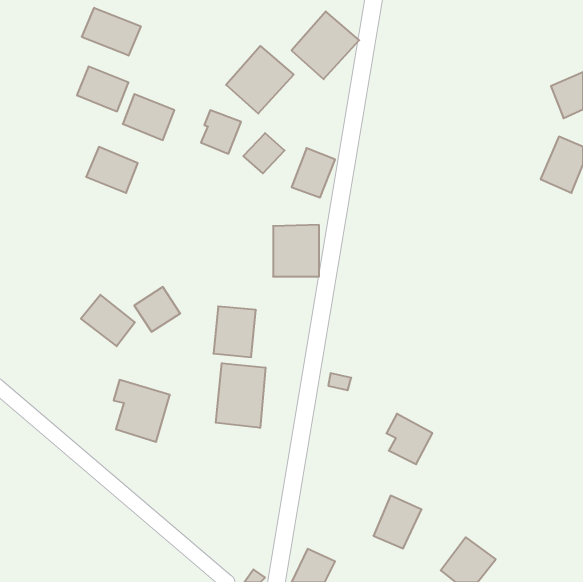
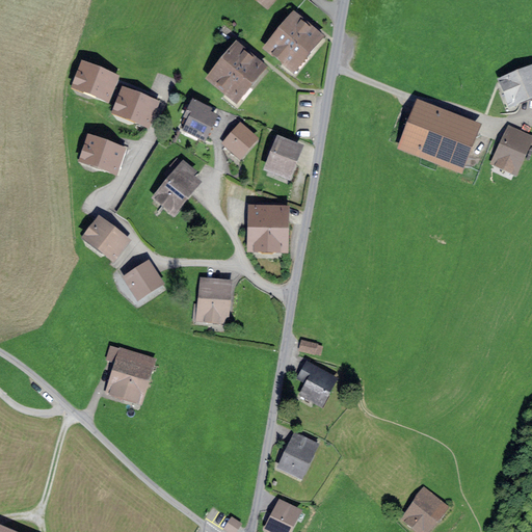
building: [82,8,141,56] -> none
building: none -> [398,99,481,172]
building: none -> [151,160,201,215]
building: [81,295,135,346] -> [80,215,129,262]
building: [216,363,265,428] -> none
building: [386,414,432,464] -> [295,360,337,405]
building: [373,496,422,548] -> [276,430,320,478]

